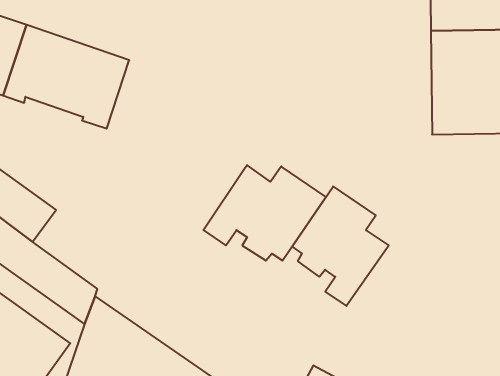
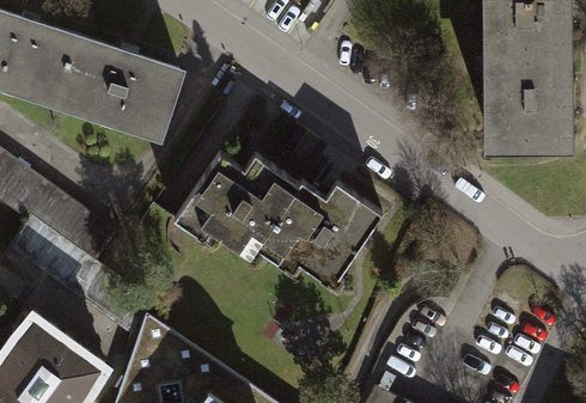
building: none -> [171,153,298,258]
building: [292,186,389,306] -> none

